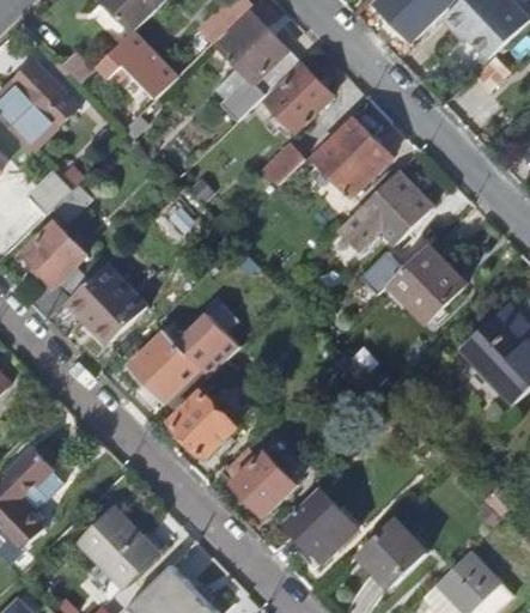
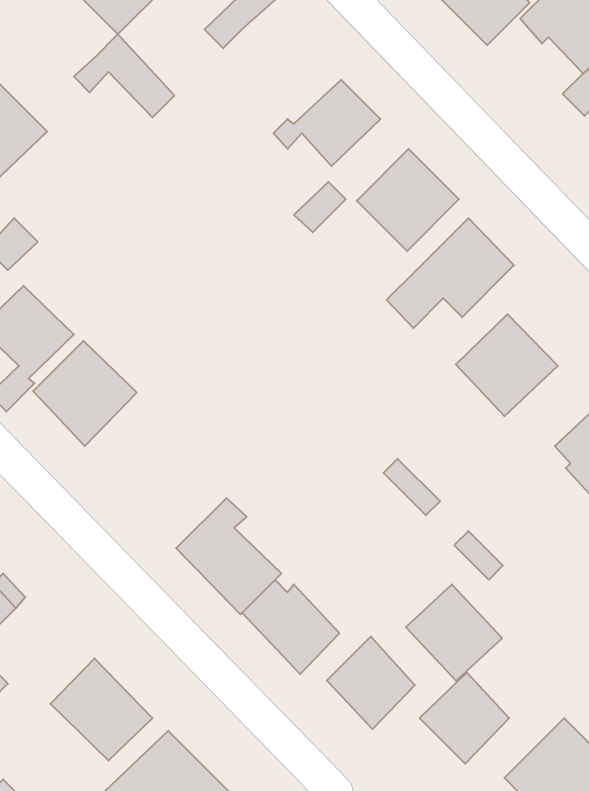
building: [213,12,294,122] -> none
building: [129,315,242,406] -> none
building: none -> [406,584,502,681]

